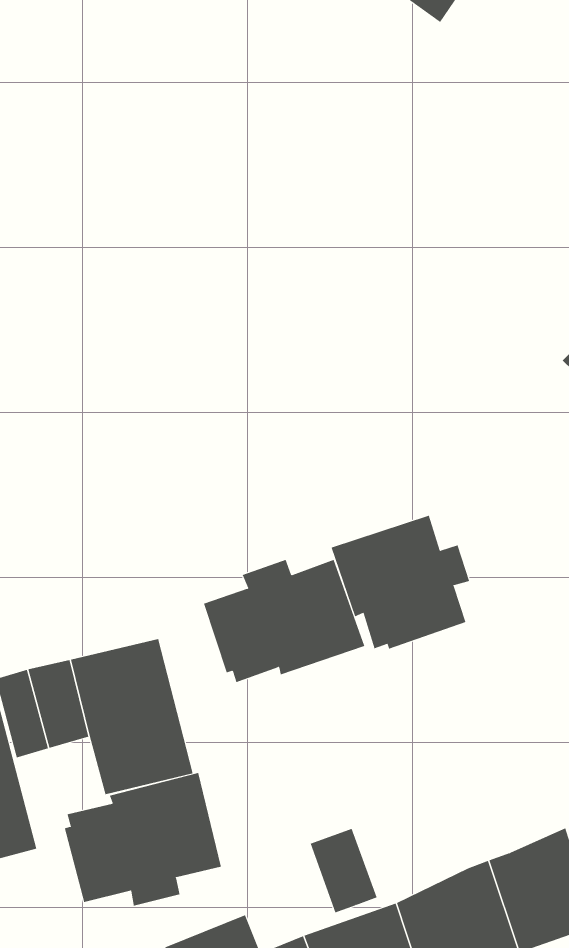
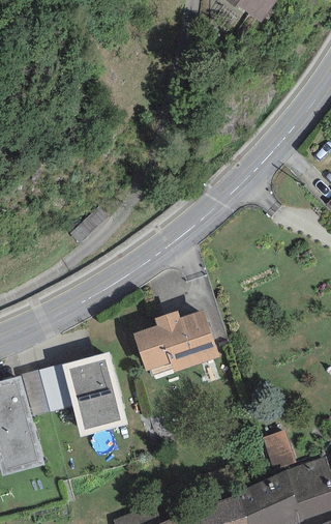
building: [331,515,470,649] -> none
building: [64,772,222,906] -> none
building: [310,828,377,913] -> [262,430,298,475]

